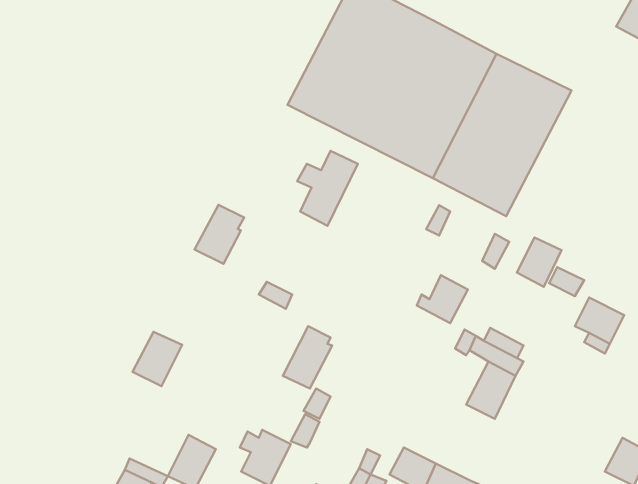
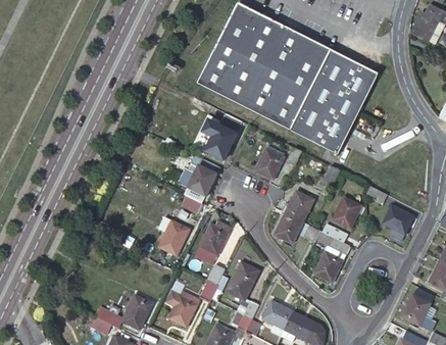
building: [195,205,244,264] -> [187,159,218,197]
building: none -> [255,149,284,181]
building: [517,237,562,287] -> [332,198,360,230]
building: none -> [274,213,302,244]
building: [133,332,182,386] -> [157,220,189,255]
building: none -> [227,270,255,301]

